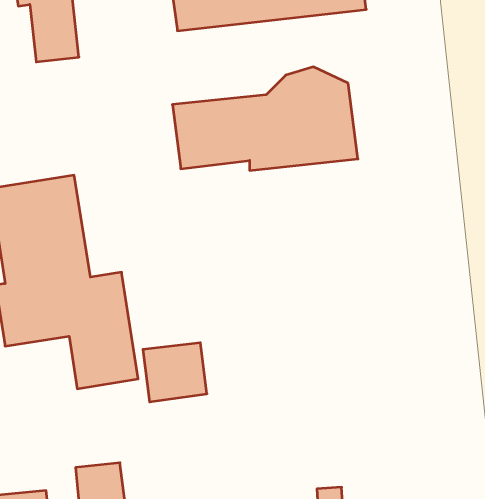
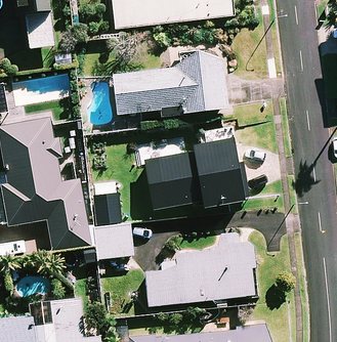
building: none -> [159,137,244,207]
building: none -> [144,232,254,305]

